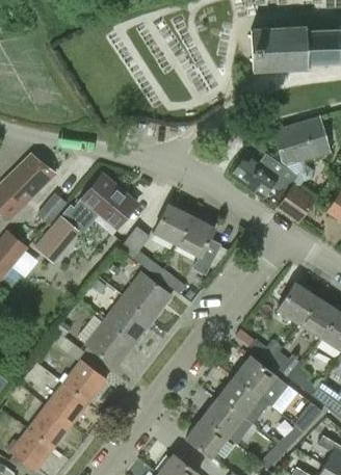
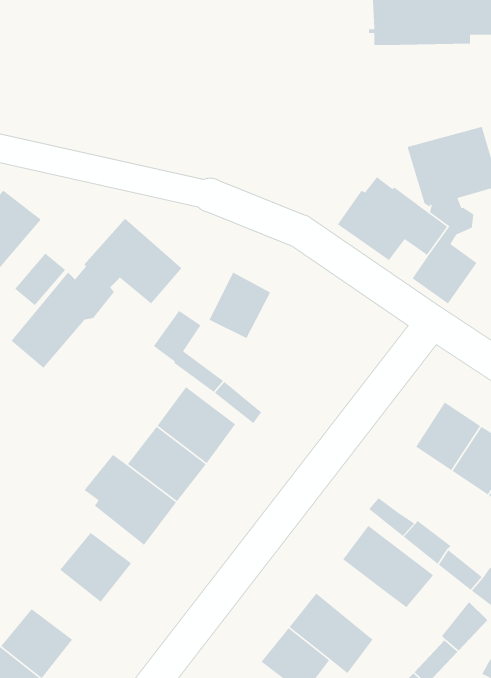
building: [177,216,221,267] -> none
building: [218,376,260,424] -> none
building: [48,382,89,424] -> none

